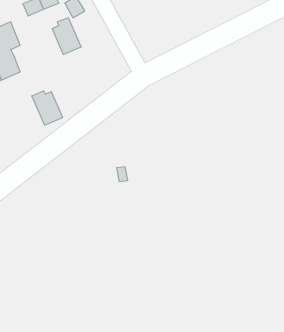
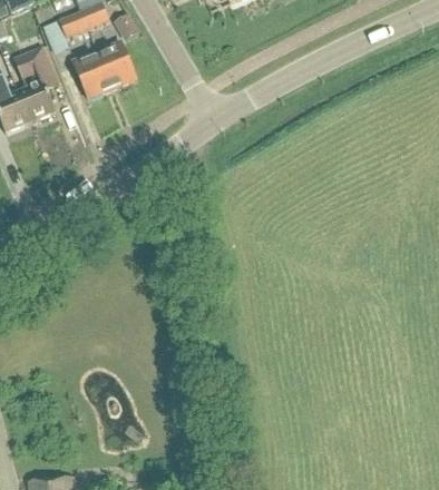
building: [32,91,63,125] -> [70,52,110,97]

